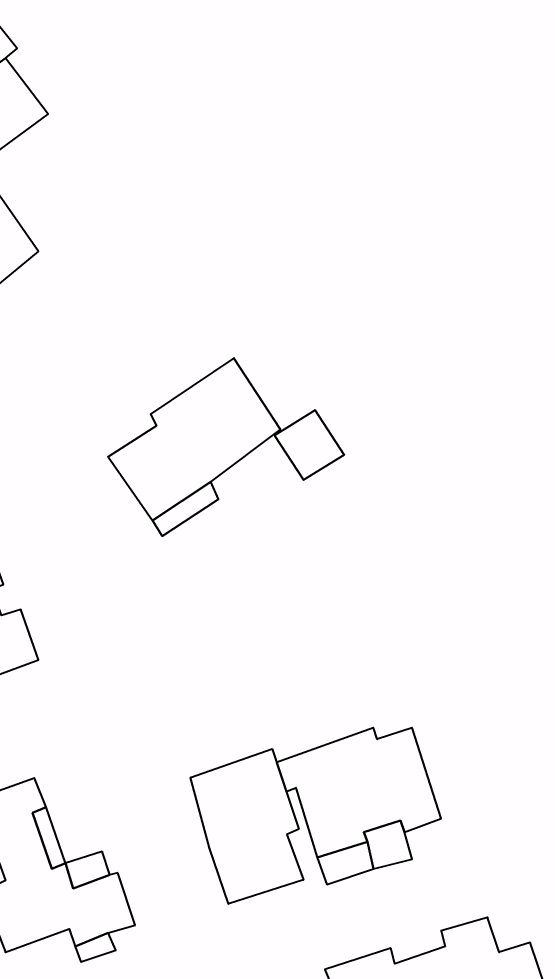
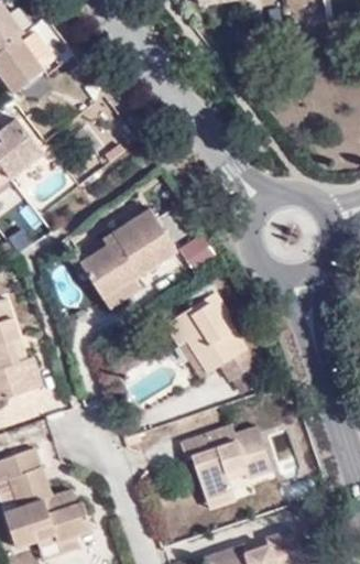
building: none -> [165,293,257,380]
building: [191,749,303,904] -> none

